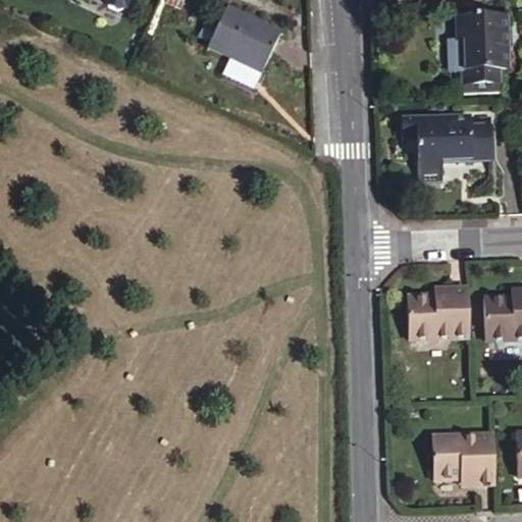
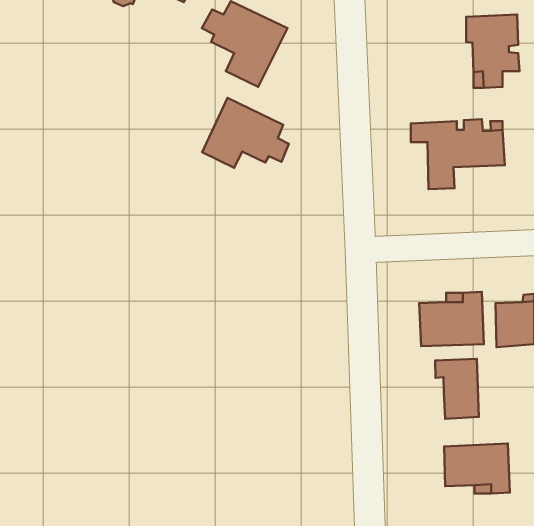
building: none -> [202,98,289,168]
building: none -> [435,359,479,419]

